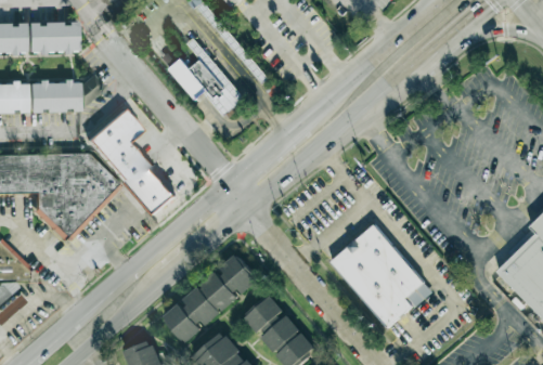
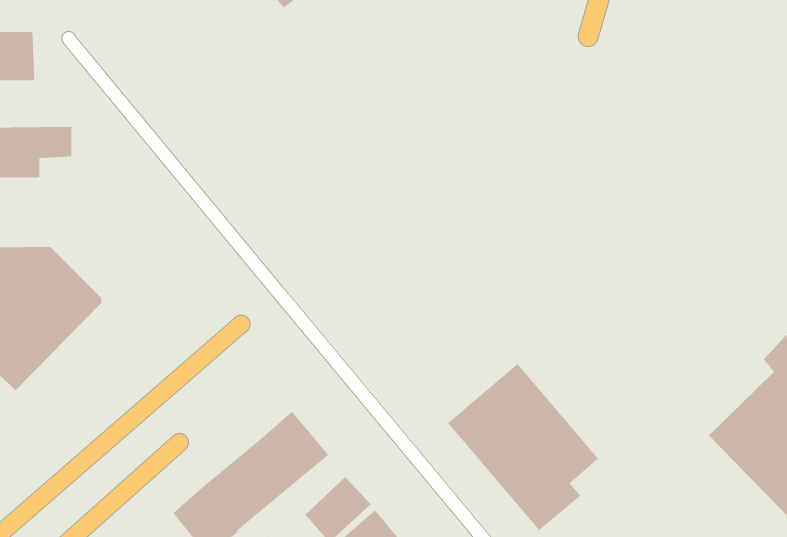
building: [168,41,243,116] -> none
building: [88,108,174,216] -> none

